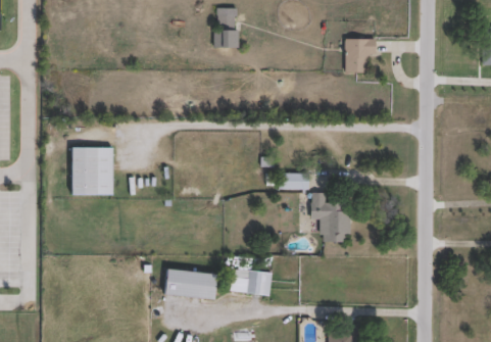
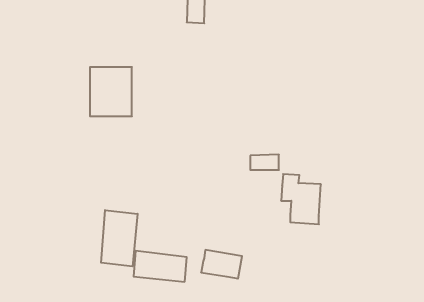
building: [346,37,375,71] -> none
building: [75,149,116,198] -> [90,67,132,116]
building: none -> [101,210,138,266]

